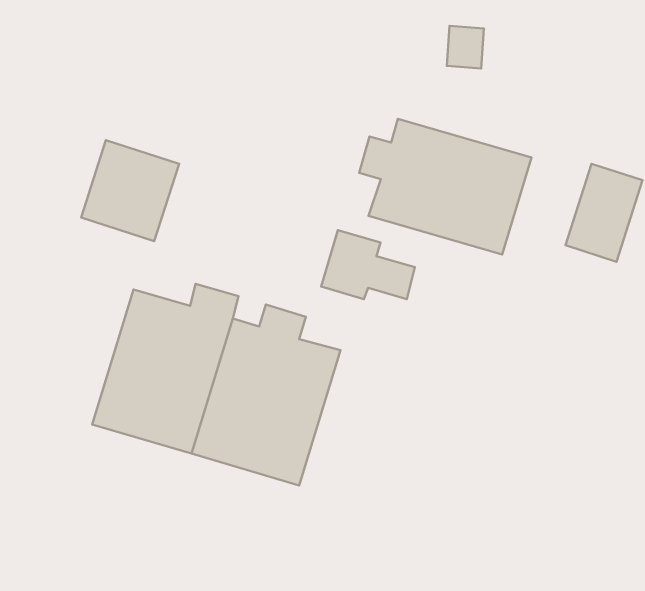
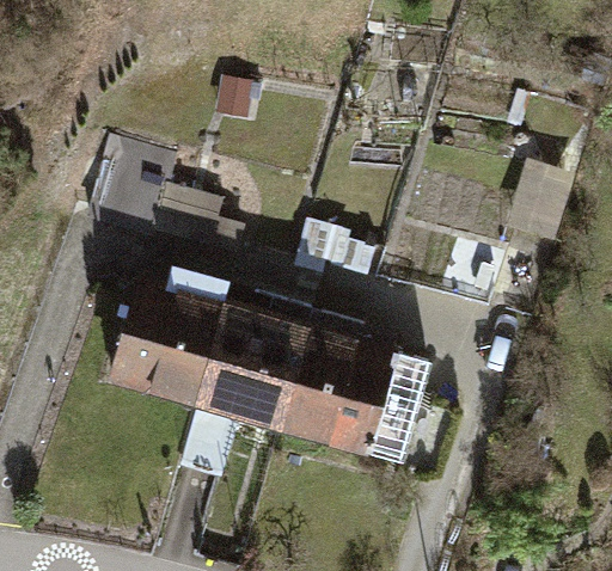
building: [359,119,531,255] -> none
building: none -> [281,300,439,472]

